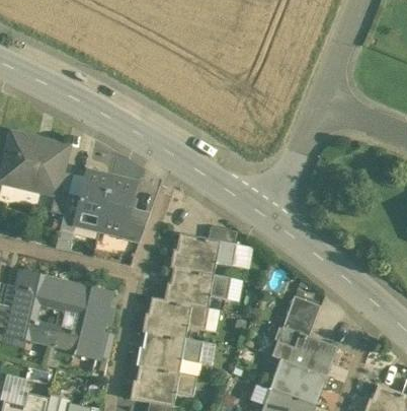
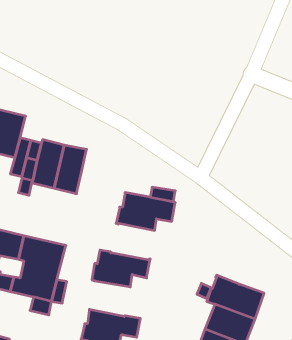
building: [124,207,150,244] -> none
building: [164,268,230,310] -> none
building: [283,296,320,337] -> none
building: [137,333,202,375] -> none

